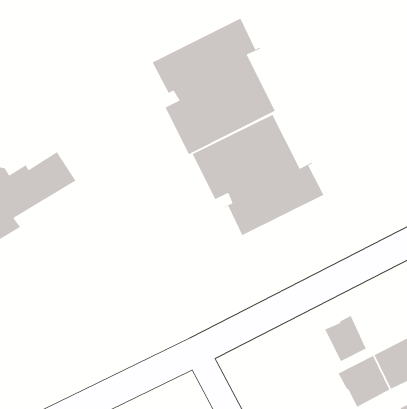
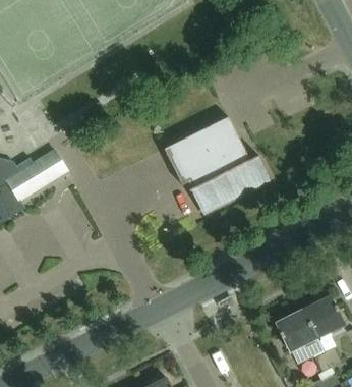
building: [152,18,276,155] -> none
building: [324,315,367,362] -> none

